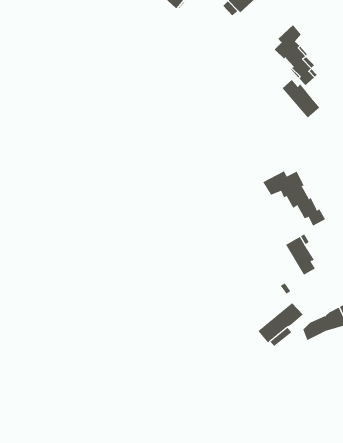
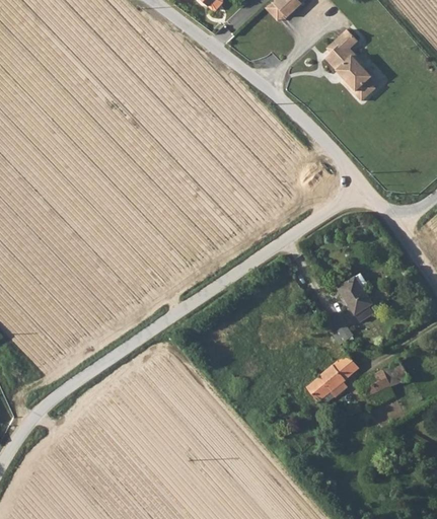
building: [282,79,320,119] -> none
building: [263,171,326,226] -> none

